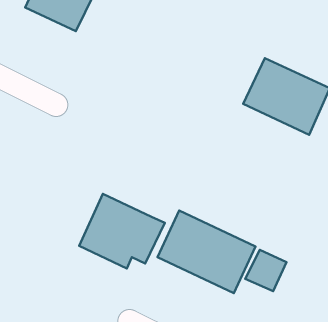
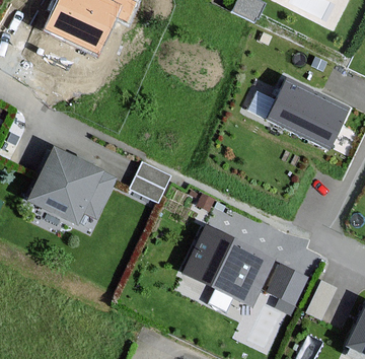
building: none -> [131,162,170,201]
building: [79,194,165,269] -> [31,148,116,221]

